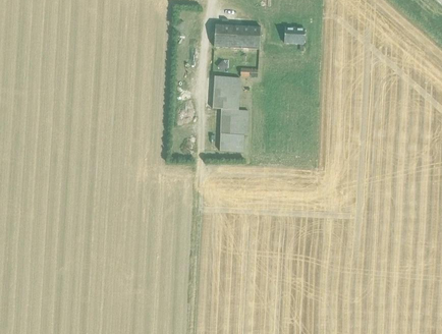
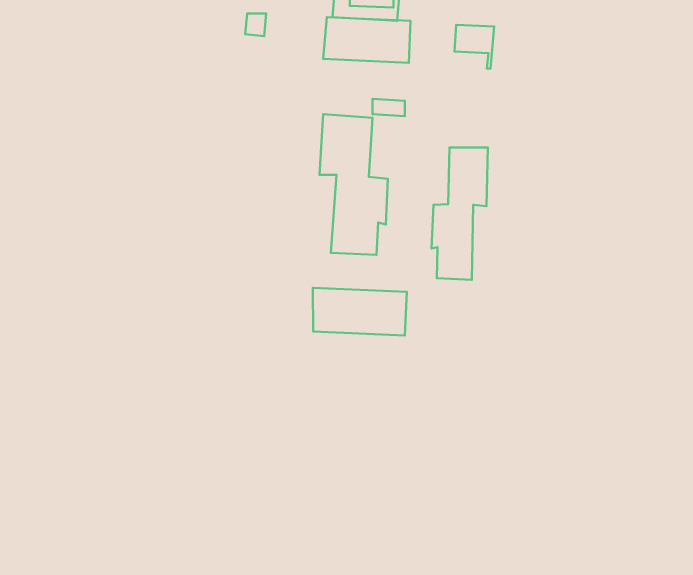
building: none -> [432,148,488,280]
building: none -> [313,288,407,335]

